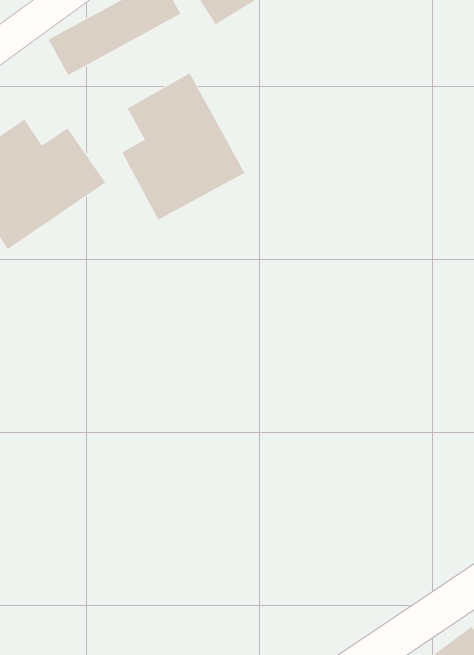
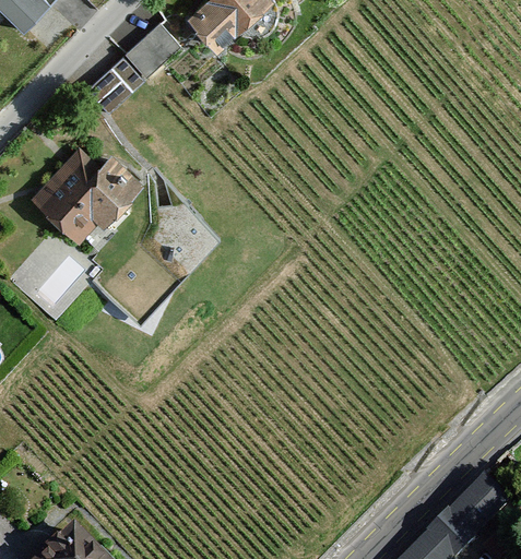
building: [122,73,245,220] -> none

